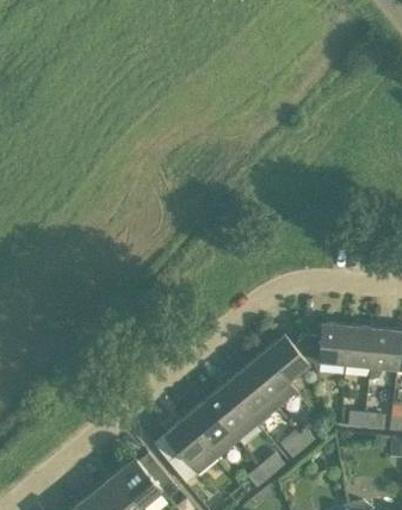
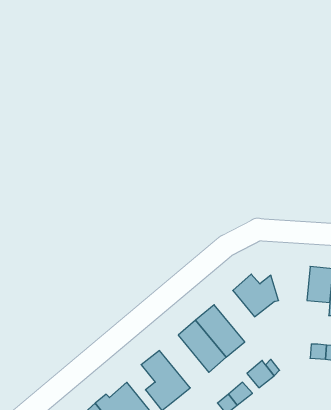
building: [304,323,347,363] -> none
building: [242,353,296,409] -> none
building: [183,402,236,459] -> none

